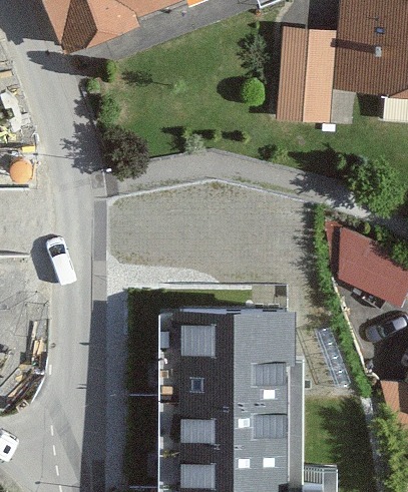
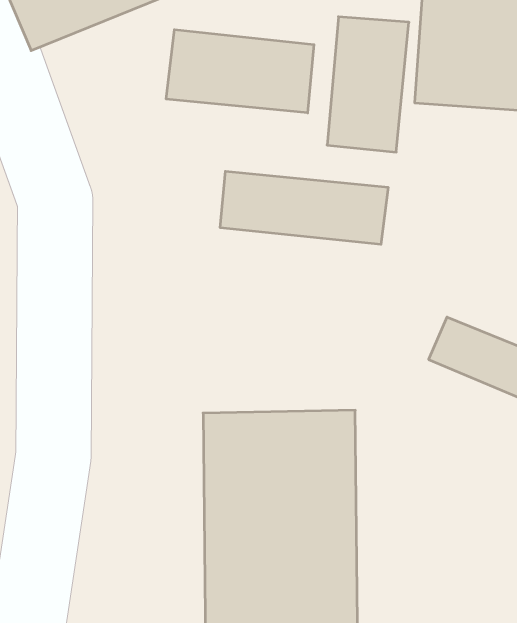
building: none -> [166,30,314,113]
building: none -> [220,171,388,244]

